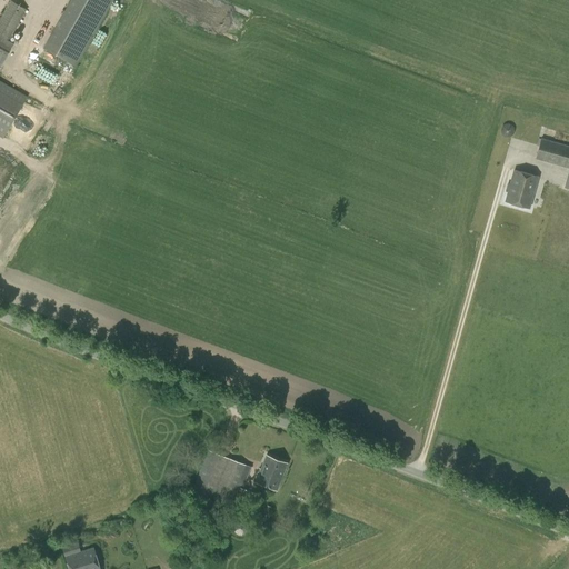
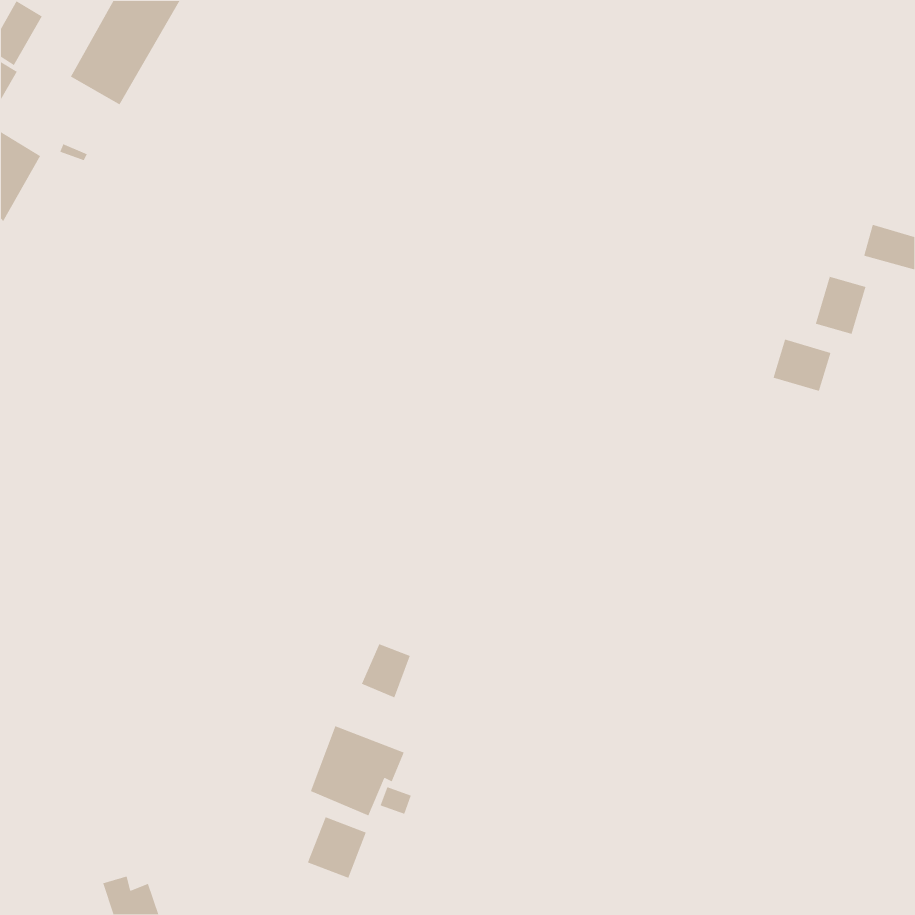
building: none -> [772,339,832,392]
building: [256,456,287,490] -> [361,643,411,699]
building: none -> [307,816,367,879]

